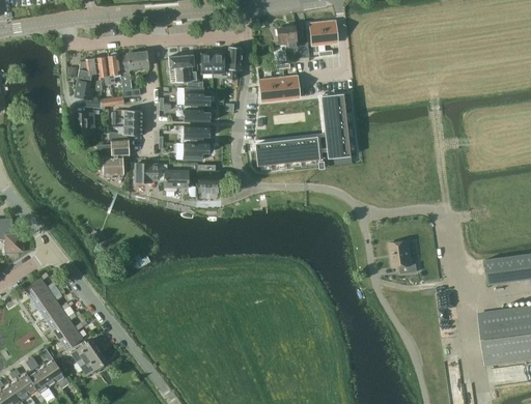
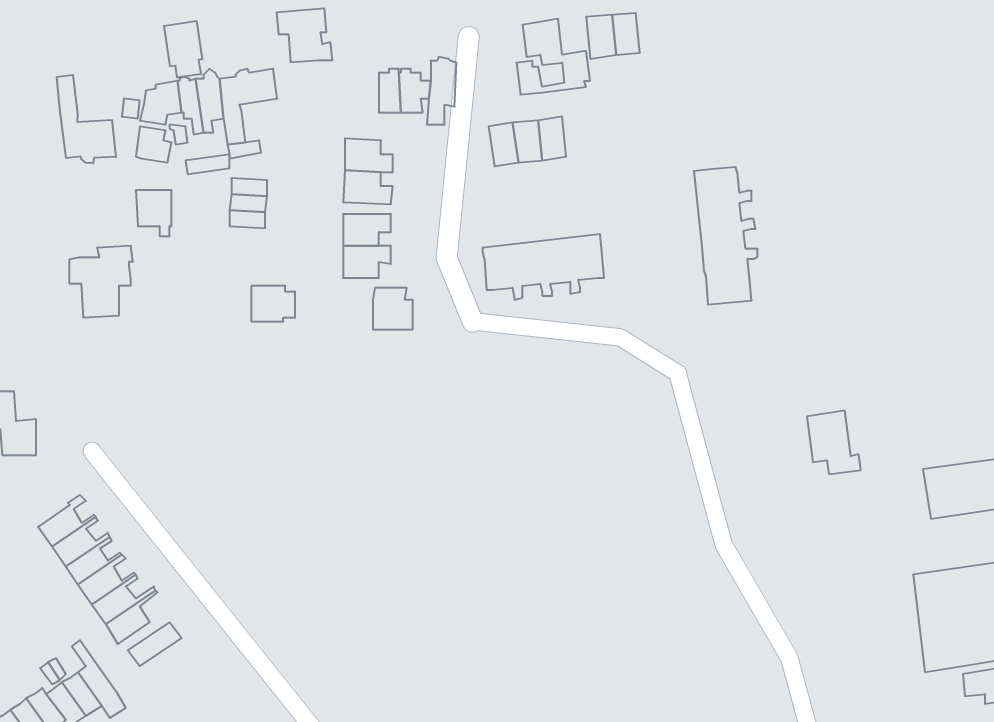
building: none -> [164,21,202,78]
building: [168,54,197,82] -> [277,8,332,62]
building: none -> [57,75,116,163]
building: [322,94,355,166] -> [694,167,758,304]
building: [96,138,130,175] -> [69,246,133,317]
building: [158,167,188,192] -> none
building: [389,240,417,273] -> [807,410,861,474]
building: [77,347,107,375] -> none

